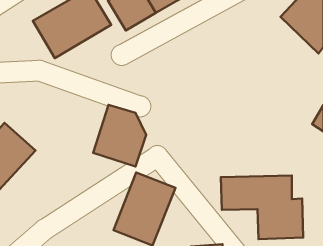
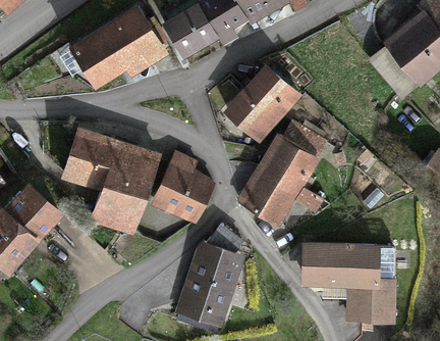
building: none -> [220,61,305,145]
building: none -> [234,116,331,226]
building: none -> [62,129,163,238]

